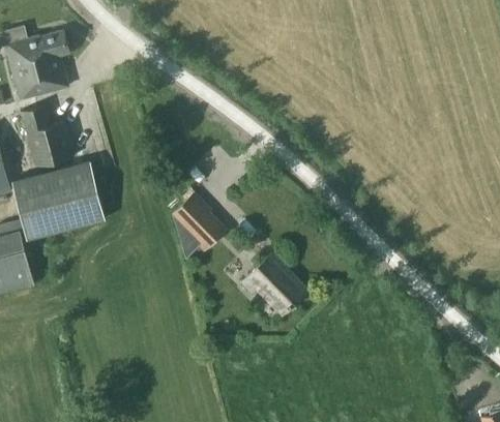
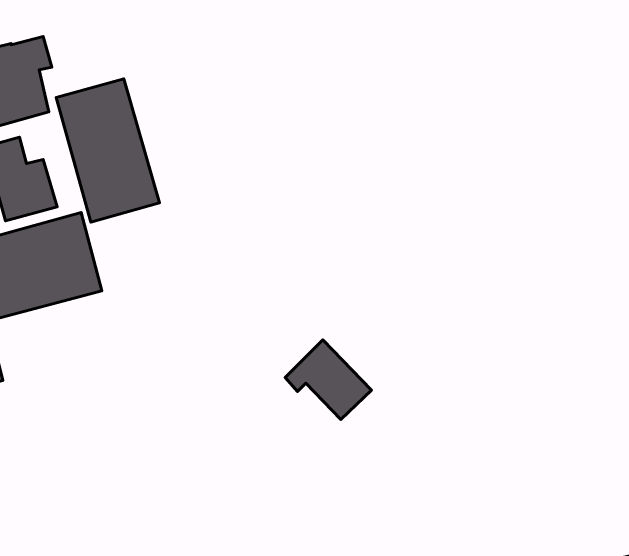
building: none -> [56,79,159,222]
building: [171,192,225,257] -> none

